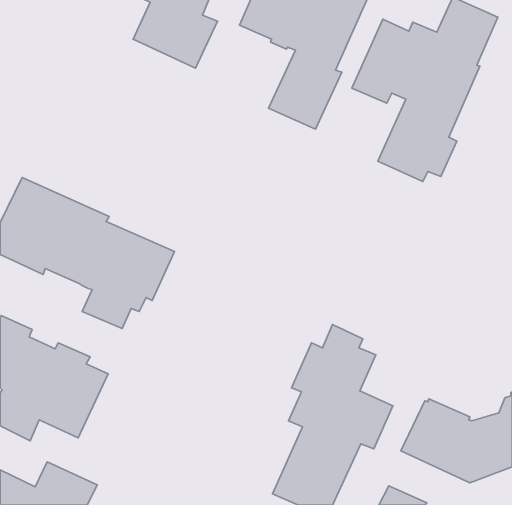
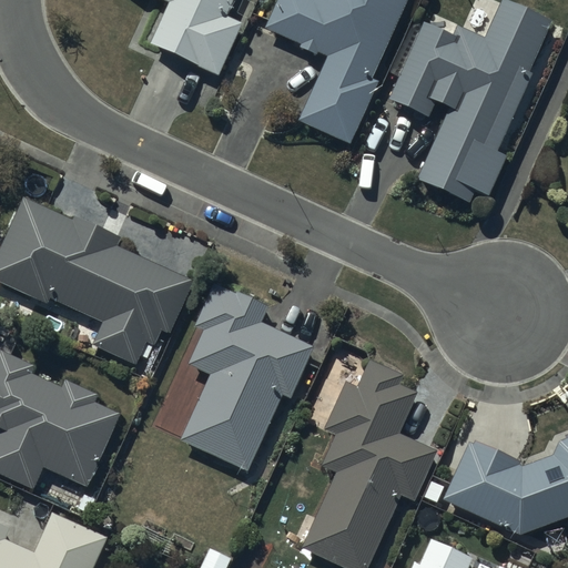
building: none -> [179,283,314,471]

